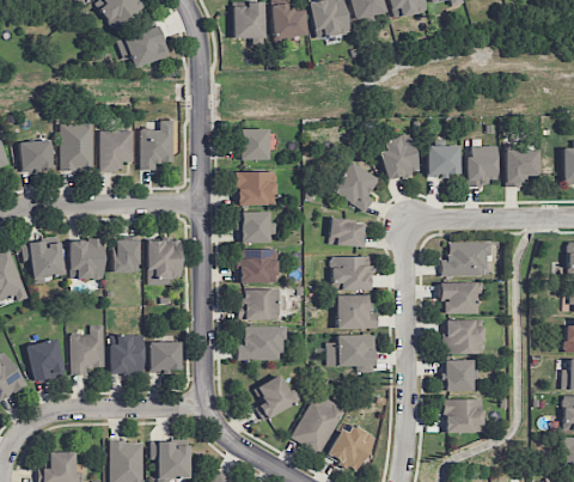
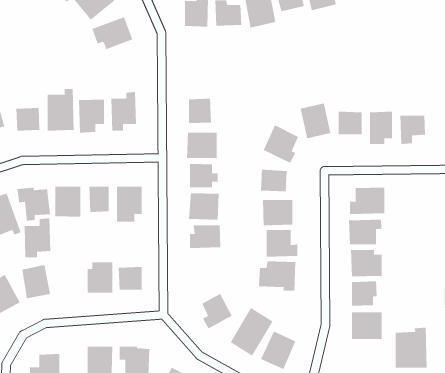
building: [72,324,106,374] -> [24,218,51,258]
building: [239,325,286,360] -> none
building: none -> [395,327,427,369]

